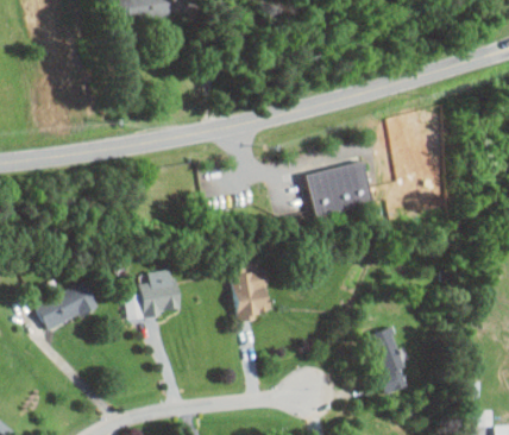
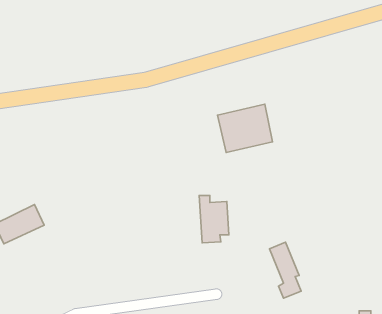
building: [232,264,268,321] -> [199,196,229,243]
building: [122,270,180,320] -> none

